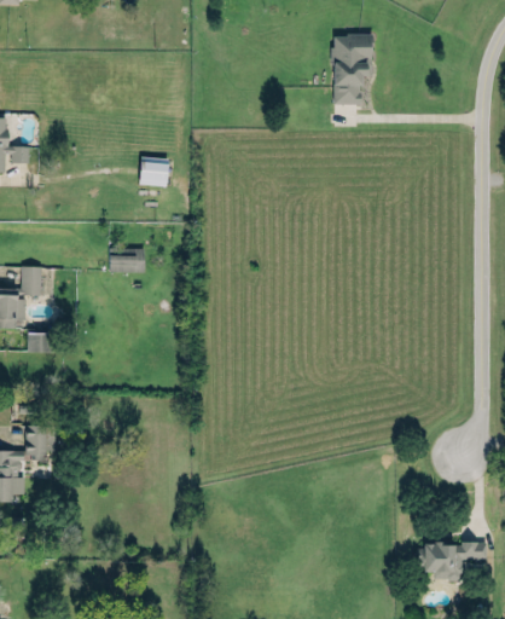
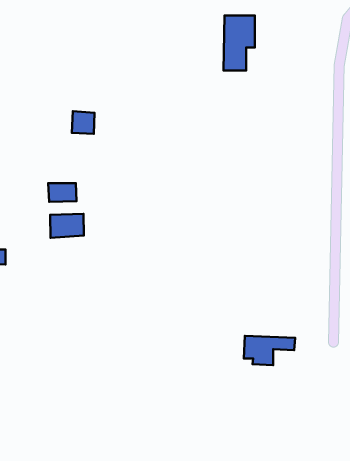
building: none -> [50,214,84,238]
building: [423,543,488,580] -> [244,336,295,365]

